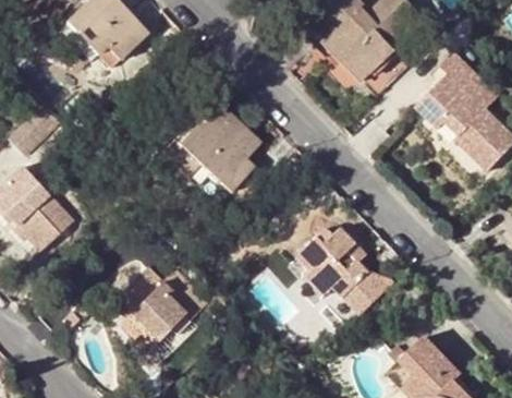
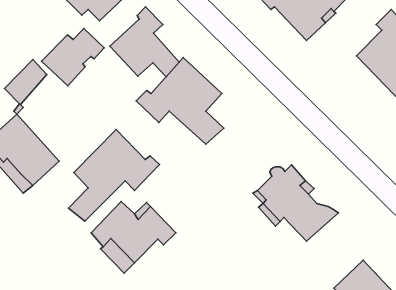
building: none -> [110,7,179,77]
building: none -> [41,28,104,86]
building: none -> [68,129,159,221]

